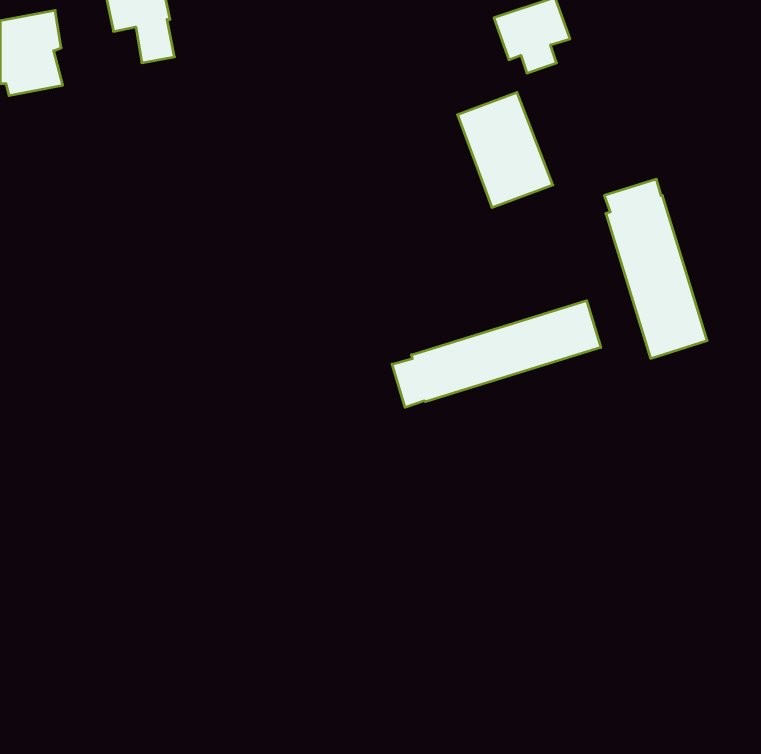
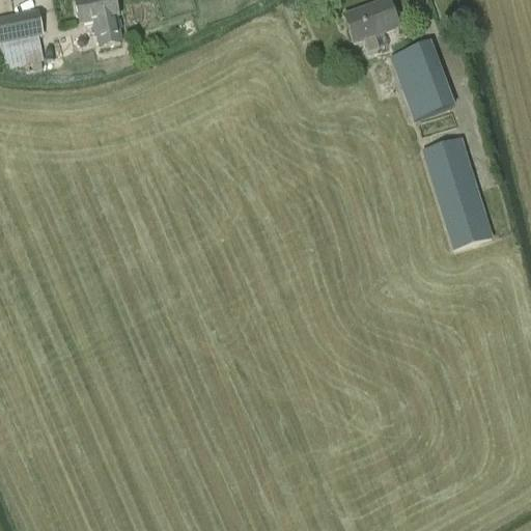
building: [457,92,553,207] -> [389,38,455,118]
building: [392,301,601,407] -> none

